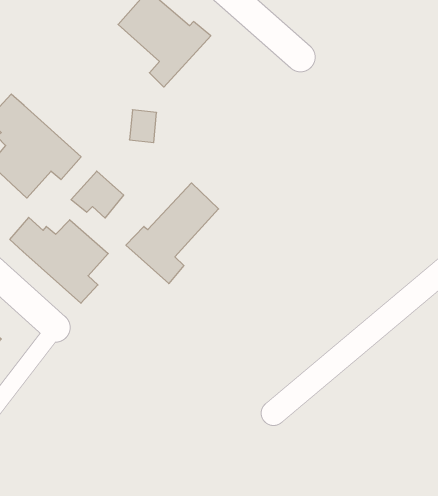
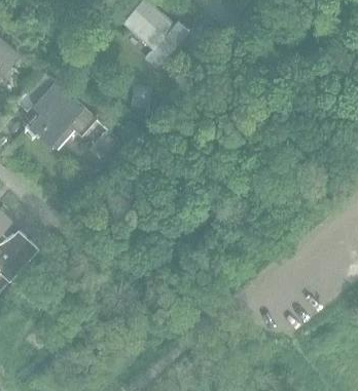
building: [126,183,219,284] -> none
building: [10,217,108,303] -> none

